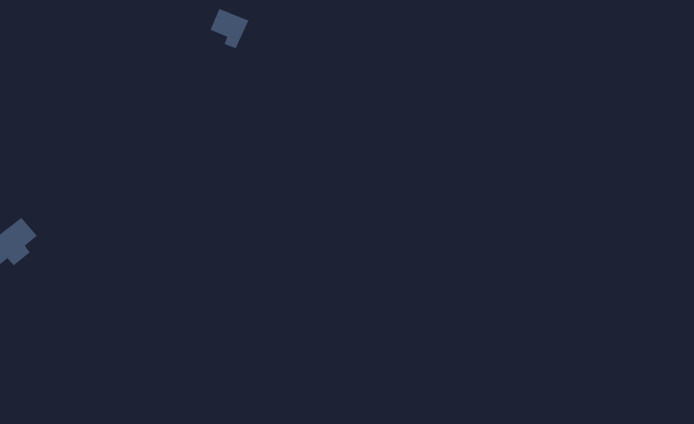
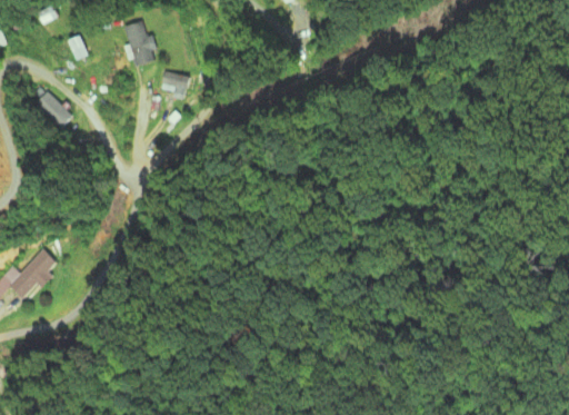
building: none -> [34,91,72,129]

